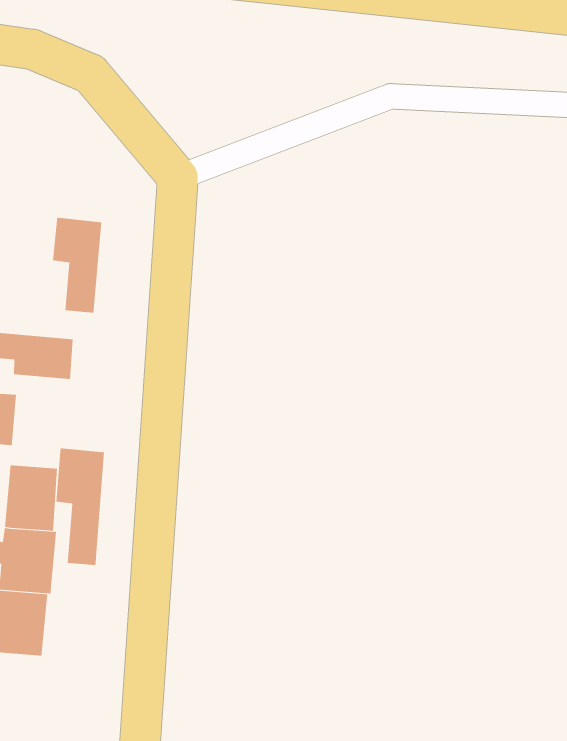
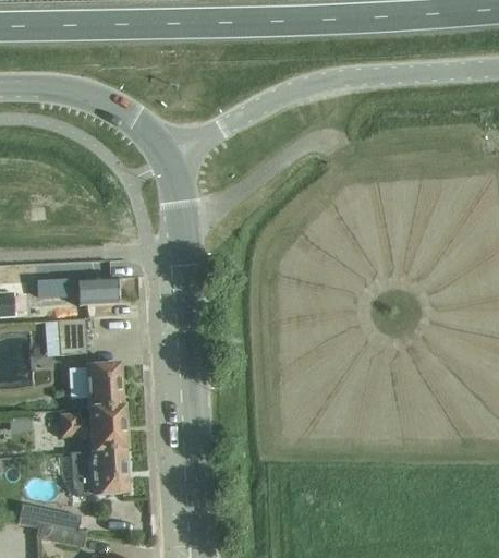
building: [53,217,102,314] -> none
building: [56,447,105,566] -> none

